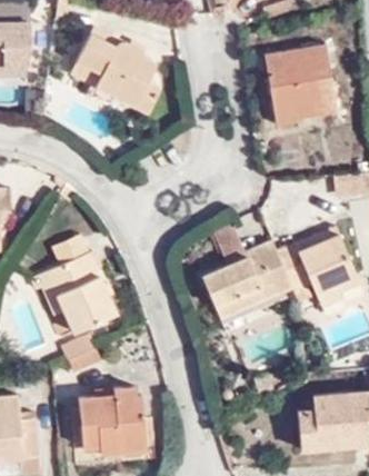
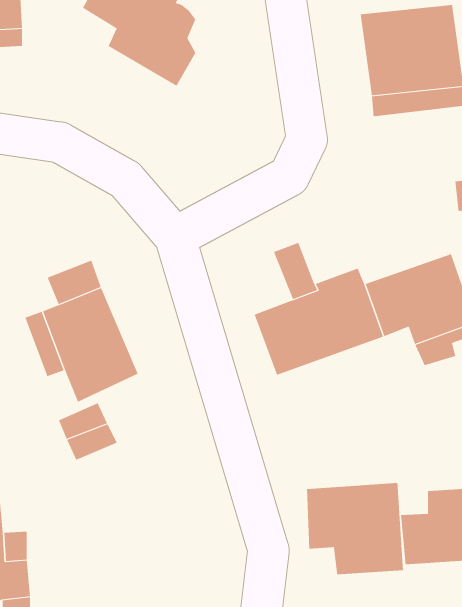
building: none -> [306,482,404,575]
building: [78,387,141,450] -> none

